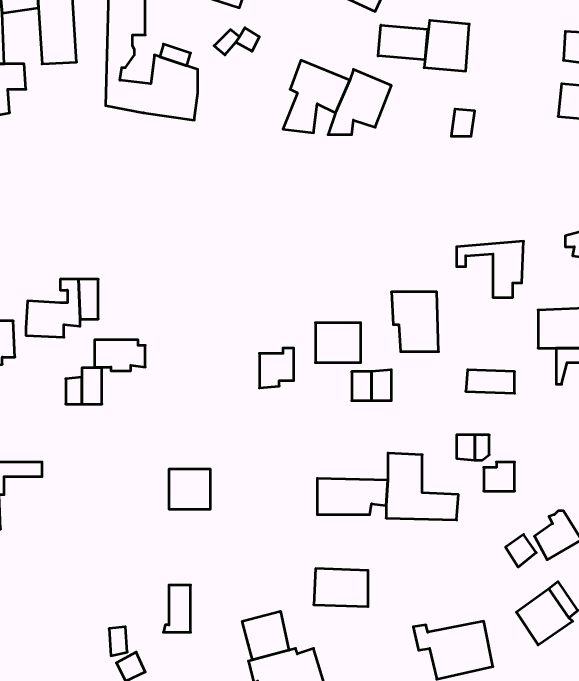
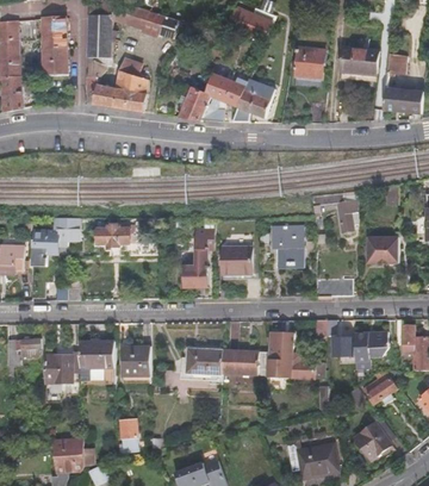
building: none -> [338,46,377,76]
building: [378,25,428,60] -> none
building: none -> [178,87,210,123]
building: none -> [194,228,213,267]
building: [95,340,145,371] -> [97,225,130,245]
building: none -> [354,331,388,370]
building: none -> [82,341,117,367]
building: none -> [46,355,74,382]
building: [314,569,368,607] -> [187,348,223,373]
building: [242,611,289,660] -> none
building: none -> [56,438,85,471]

